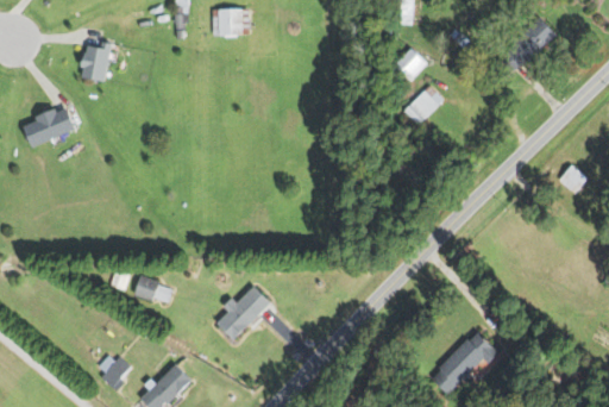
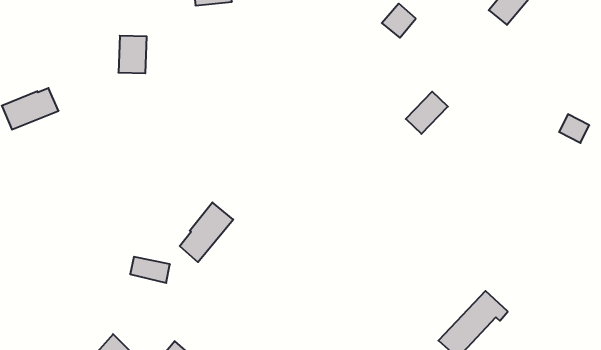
building: [80,43,109,81] -> [118,36,147,73]
building: [403,86,445,126] -> [406,92,448,134]
building: [215,284,269,342] -> [180,202,233,262]

